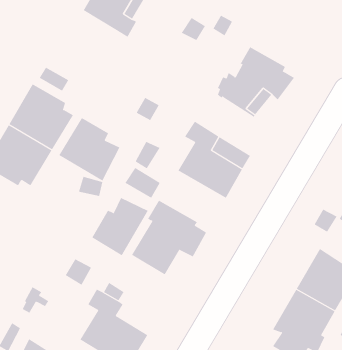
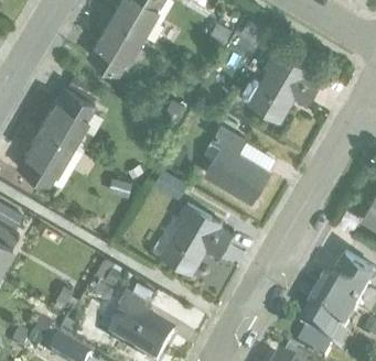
building: none -> [87,12,143,73]
building: [59,117,120,182] -> none
building: [92,197,148,256] -> none

